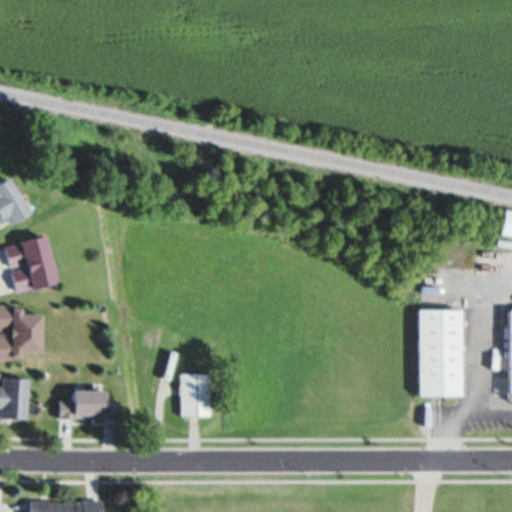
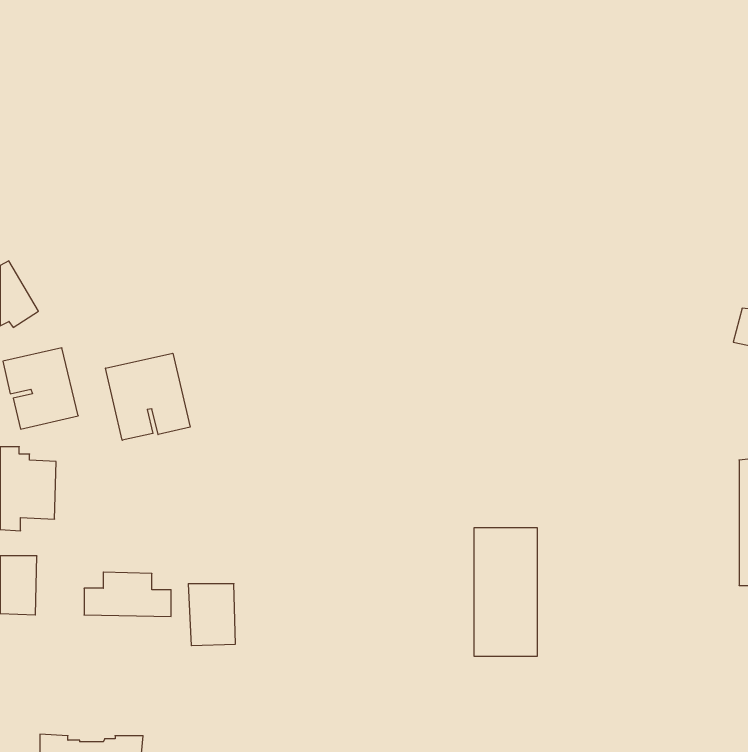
building: none -> [106,353,190,440]
building: [419,310,462,397] -> [474,528,537,656]
building: [181,374,213,416] -> [188,584,235,646]

